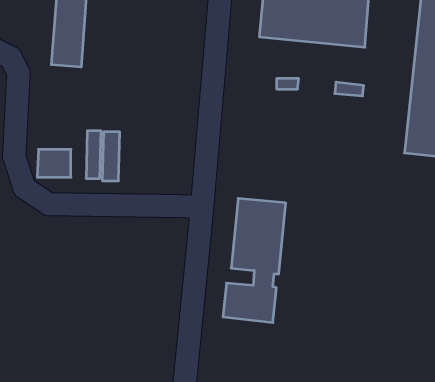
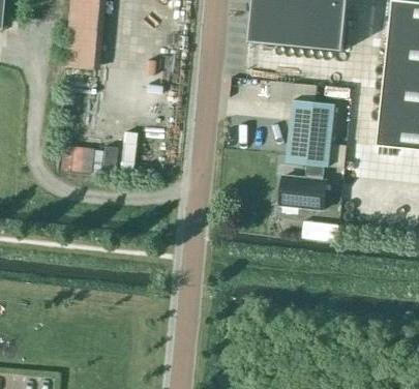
building: [223,198,286,323] -> [279,99,335,210]

